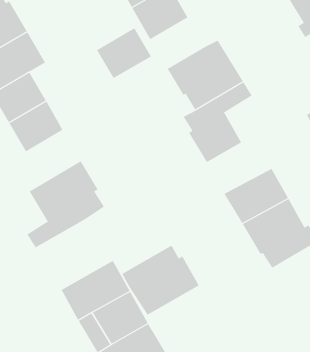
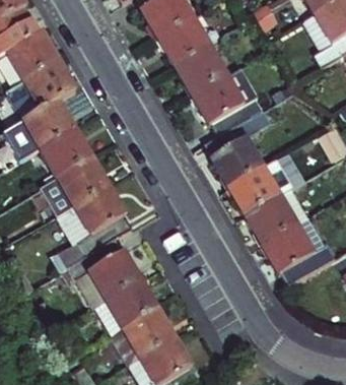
building: [96,28,152,79] -> [174,44,226,92]
building: none -> [42,150,109,209]
building: none -> [227,150,301,211]
building: [121,245,200,315] -> [65,236,139,303]

